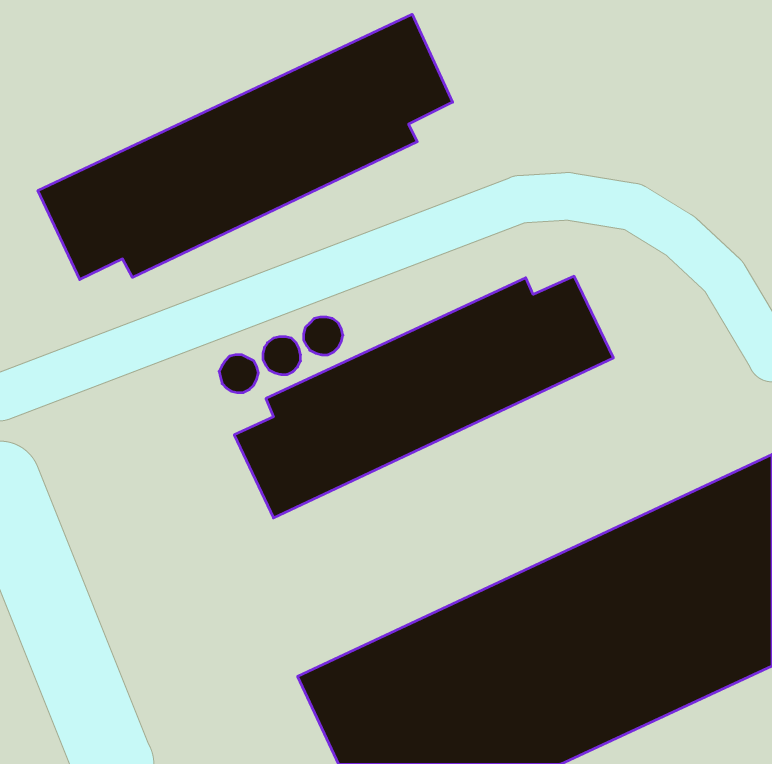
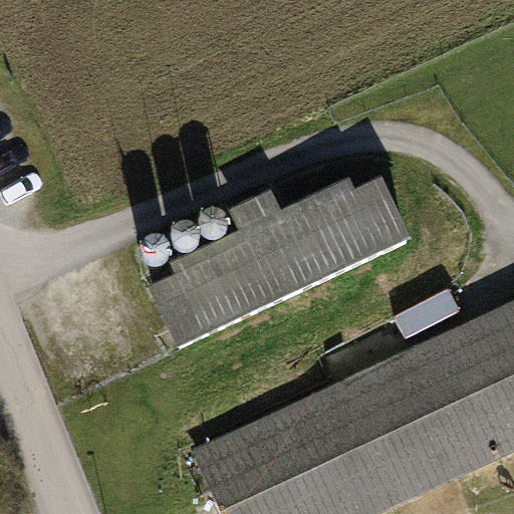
building: [38,14,453,280] -> none

